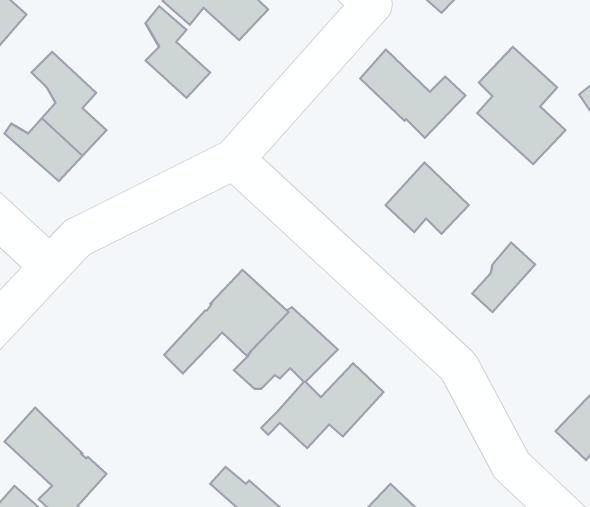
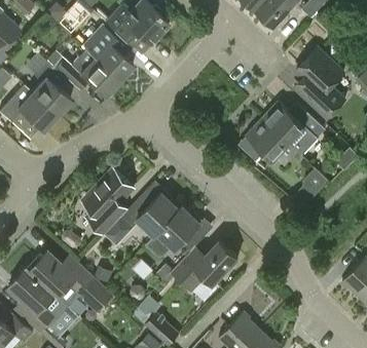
building: none -> [37,49,118,96]
building: [360,49,466,138] -> [262,102,326,155]
building: none -> [82,169,133,235]
building: none -> [30,250,114,311]

